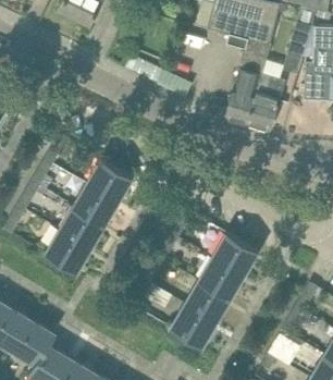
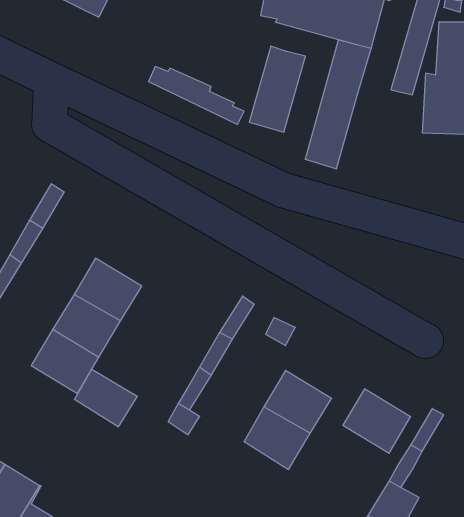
building: [247,75,284,132] -> [249,46,305,132]
building: [88,160,133,203] -> none
building: [213,234,258,277] -> [343,389,411,453]
building: none -> [74,369,137,427]
building: [172,305,215,347] -> none

